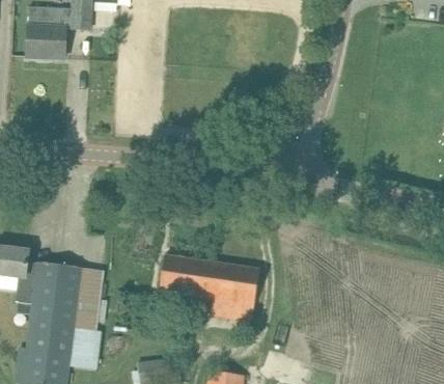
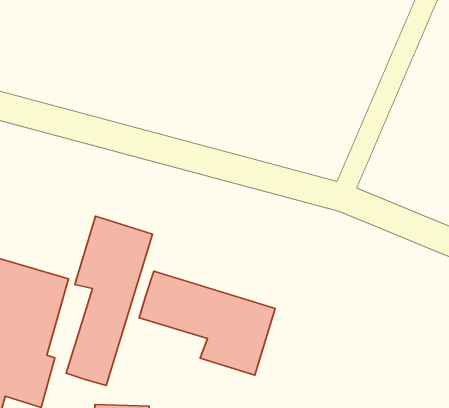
building: none -> [66,216,153,386]

